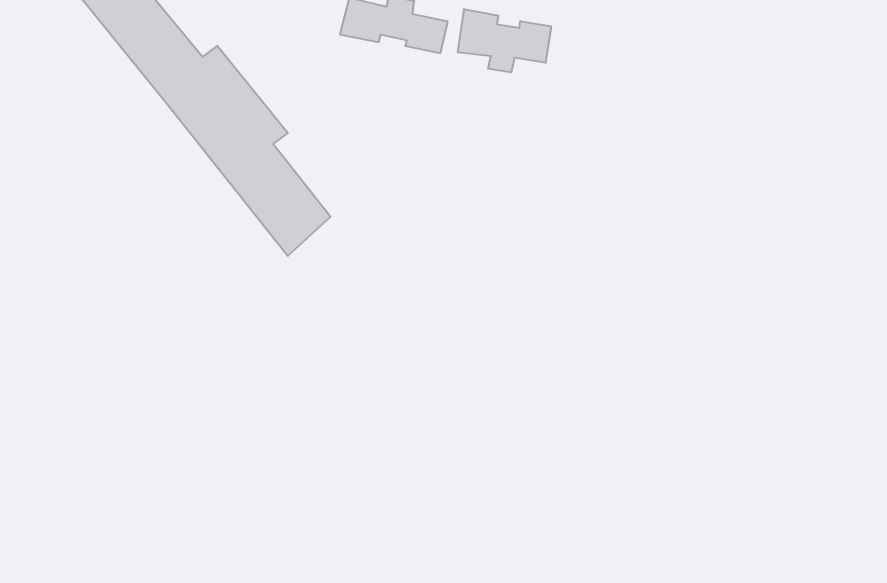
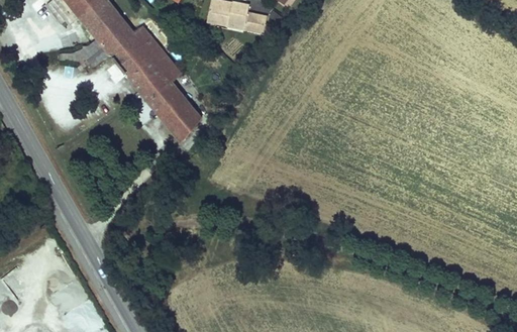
building: [458,9,551,72] -> none

